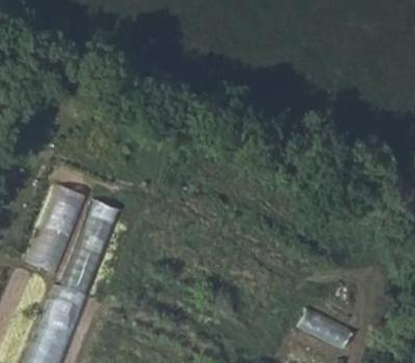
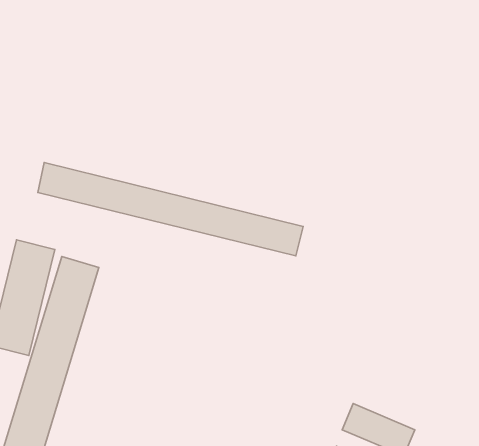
building: none -> [38,162,303,256]

